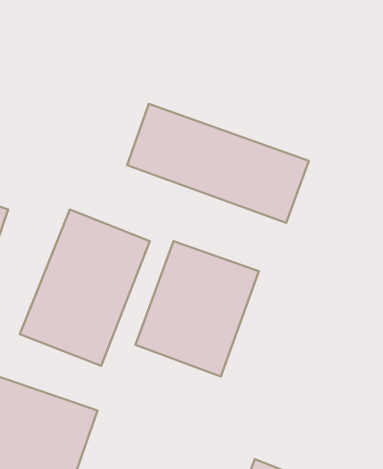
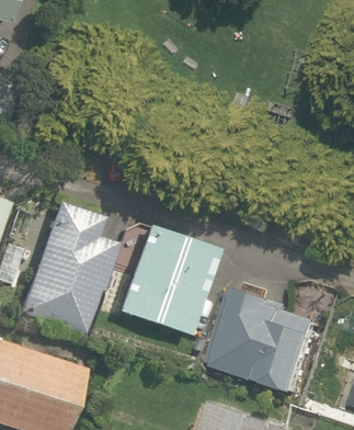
building: [127,104,309,223] -> none
building: none -> [209,294,318,393]

